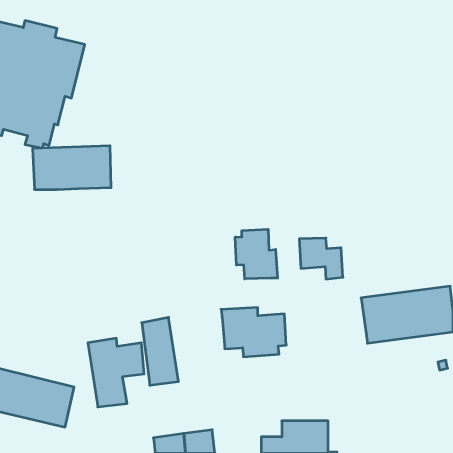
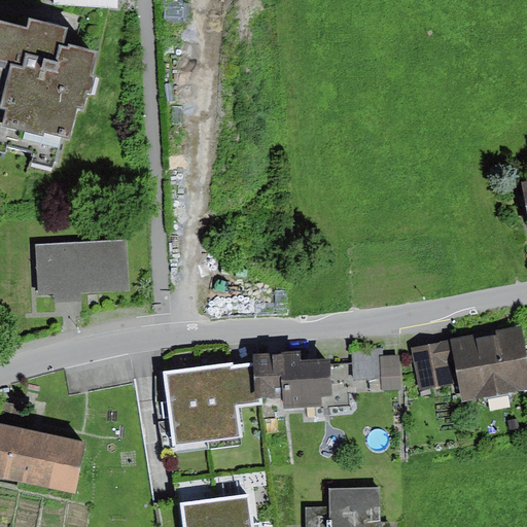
building: [33,146,111,189] -> [37,241,128,291]
building: [235,229,278,279] -> none
building: [299,238,343,279] -> [348,343,398,390]
building: [88,338,144,407] -> [195,361,259,441]

